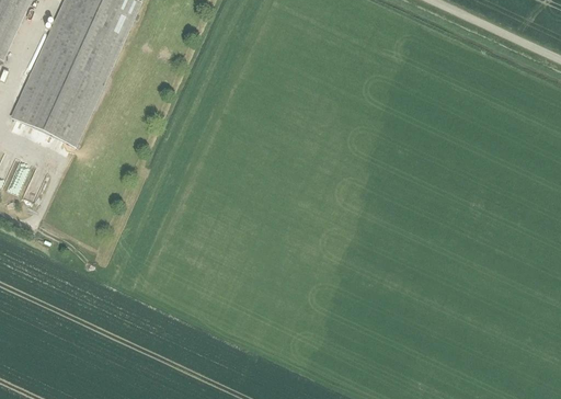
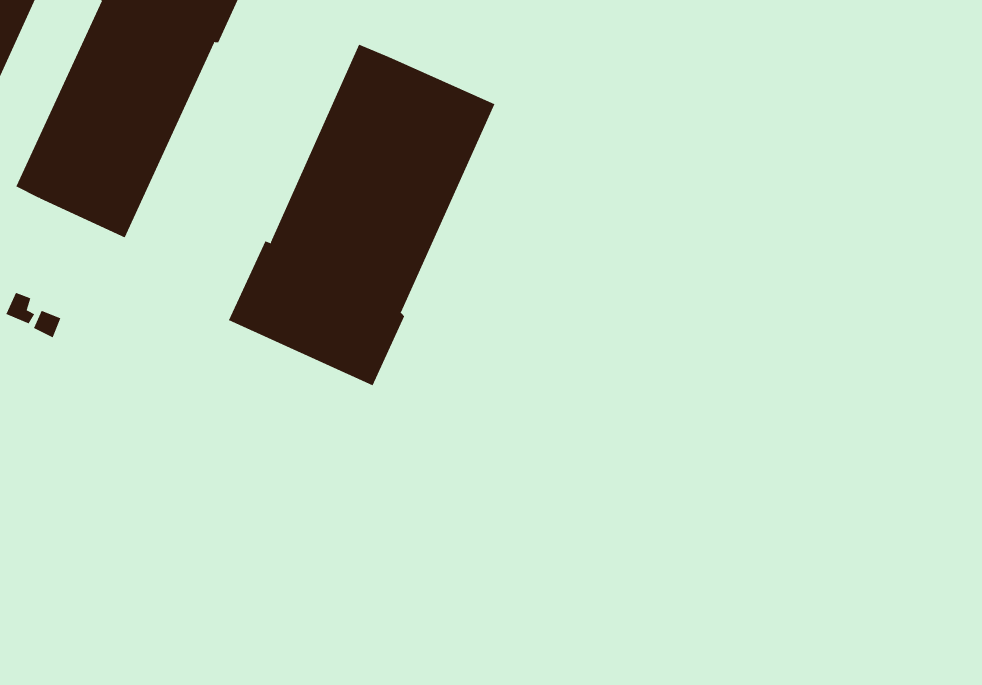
building: none -> [228,44,495,386]

